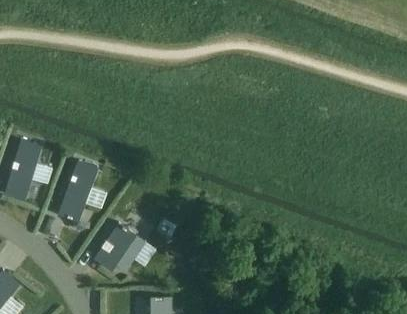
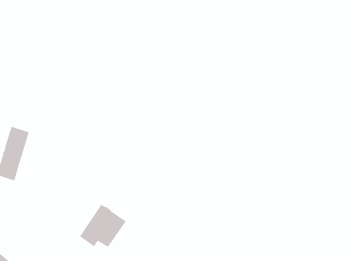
building: [59,160,98,220] -> none

